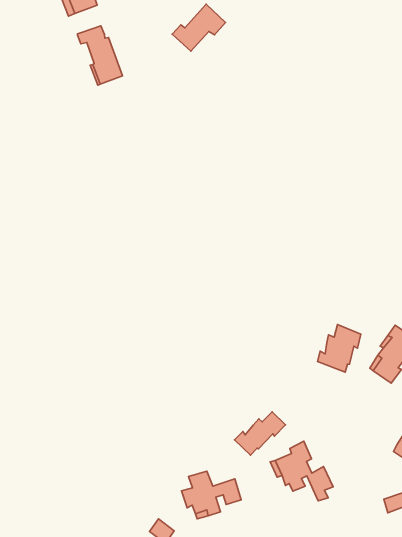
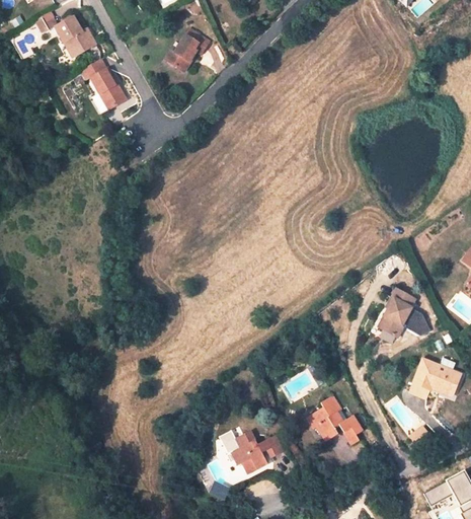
building: [317,325,361,372] -> none
building: [234,412,285,455] -> none

